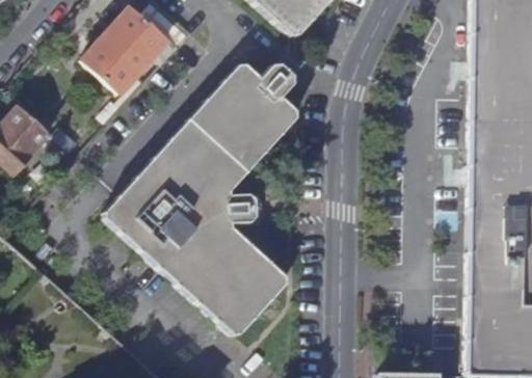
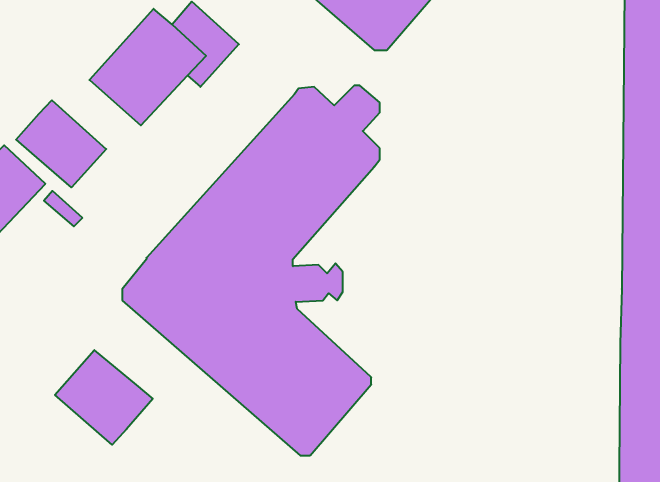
building: none -> [16,100,106,187]
building: none -> [55,350,153,445]

